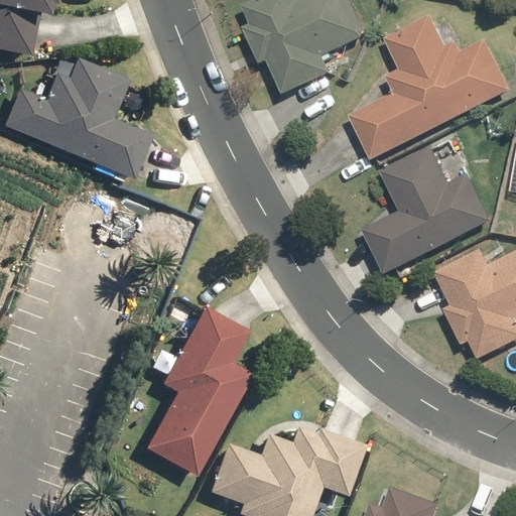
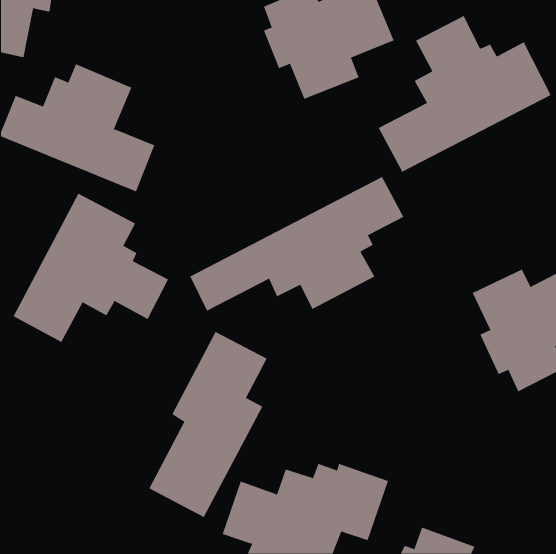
building: [364,150,491,273] -> none
building: none -> [189,176,404,311]
building: none -> [13,193,169,343]

